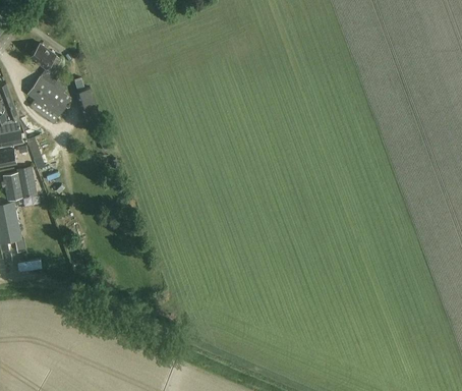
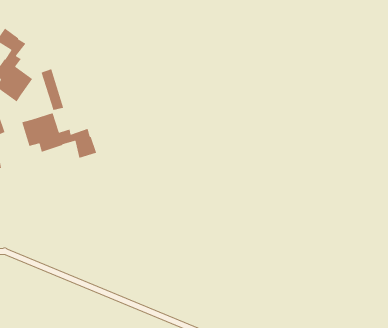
building: none -> [21,112,97,159]

